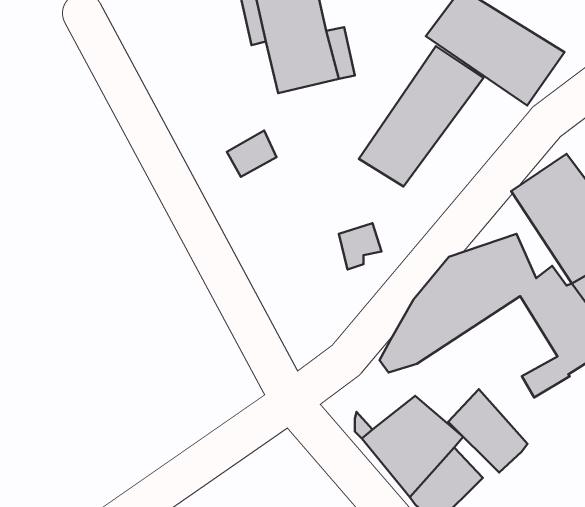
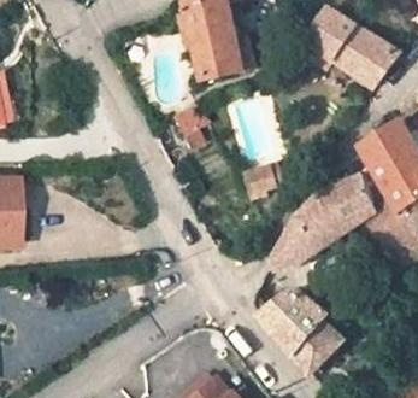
building: [359,46,483,187] -> none
building: [448,389,528,473] -> none

